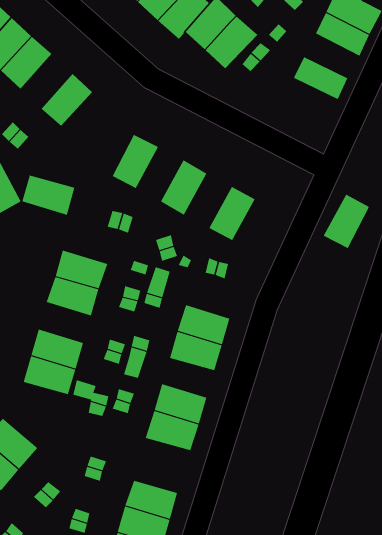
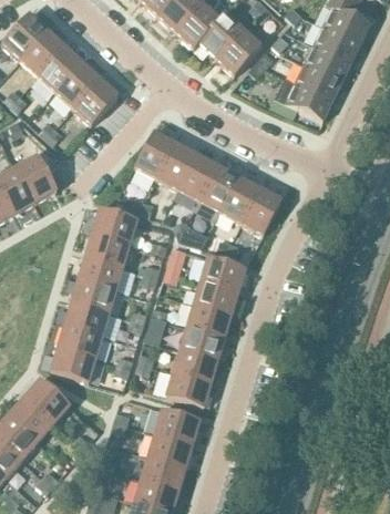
building: none -> [302,43,351,82]
building: none -> [55,61,101,109]
building: none -> [270,78,332,121]
building: none -> [156,142,197,189]
building: none -> [198,165,239,213]
building: [22,175,75,216] -> [92,208,138,244]
building: [323,194,370,249] -> [240,187,281,235]
building: none -> [199,256,246,291]
building: none -> [71,277,117,312]
building: none -> [178,326,225,360]
building: none -> [51,347,98,382]
building: none -> [154,408,201,443]

